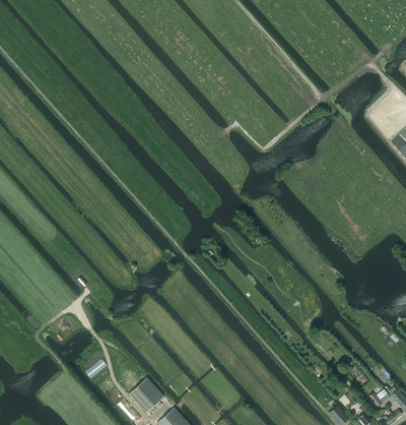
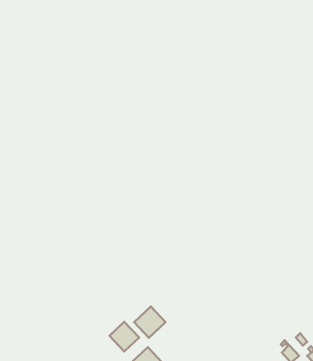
building: none -> [134,306,166,338]

